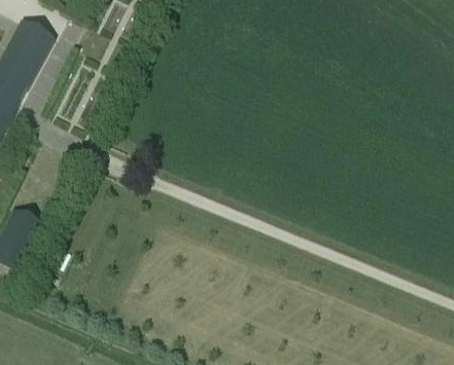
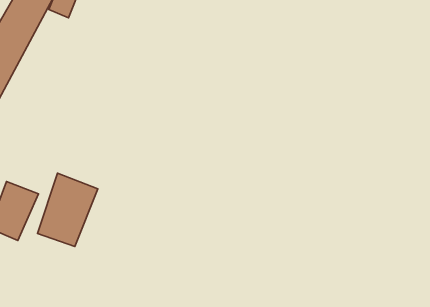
building: none -> [37,173,98,247]

